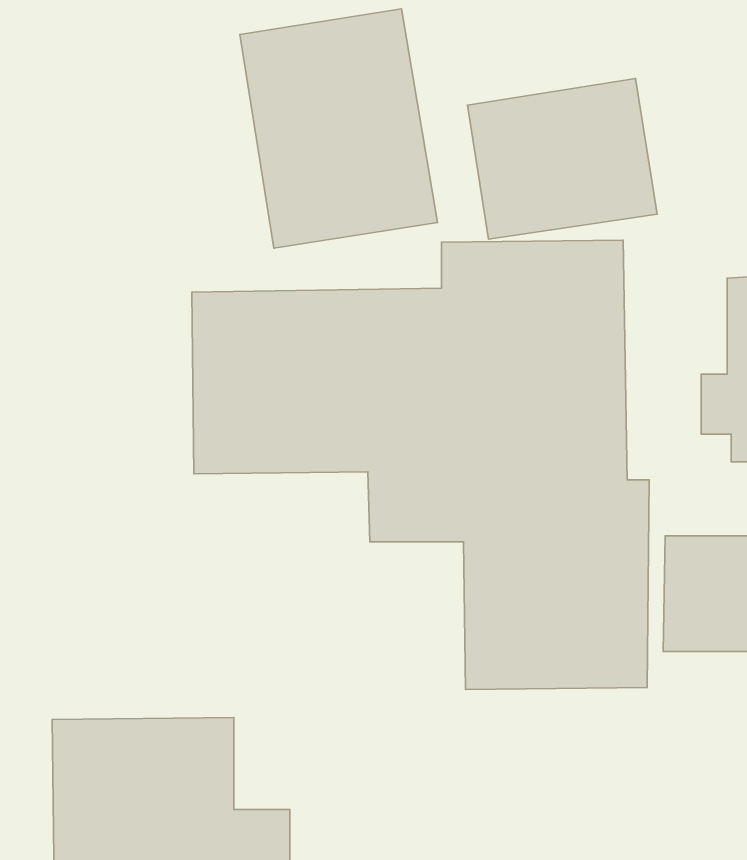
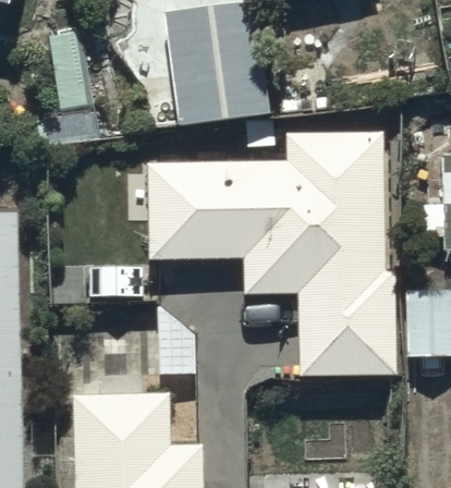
building: [467,78,657,239] -> none

